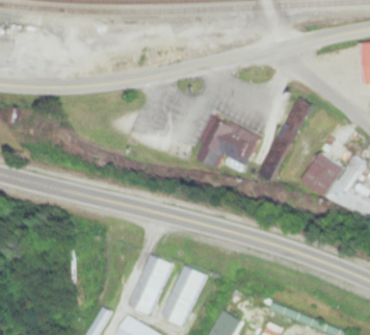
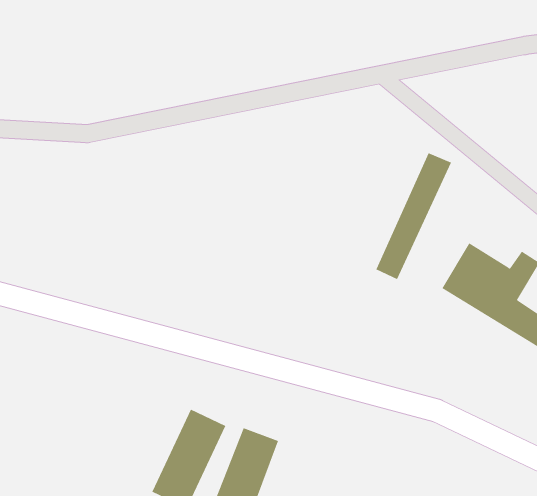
building: [191,112,259,170] -> none

